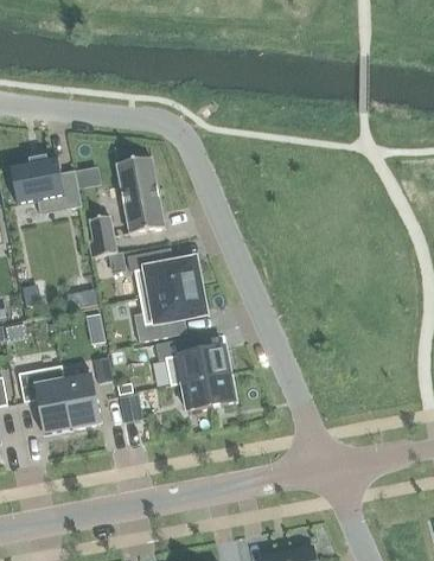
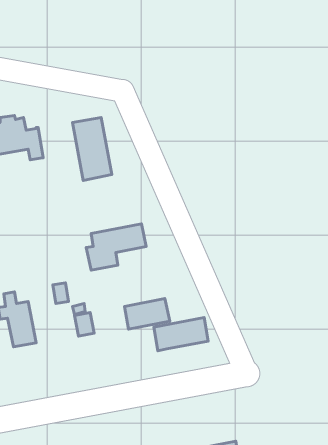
building: [89,215,115,256] -> none
building: [126,247,199,297] -> none
building: [165,344,230,384] -> [154,317,208,351]
building: [63,372,100,428] -> none

